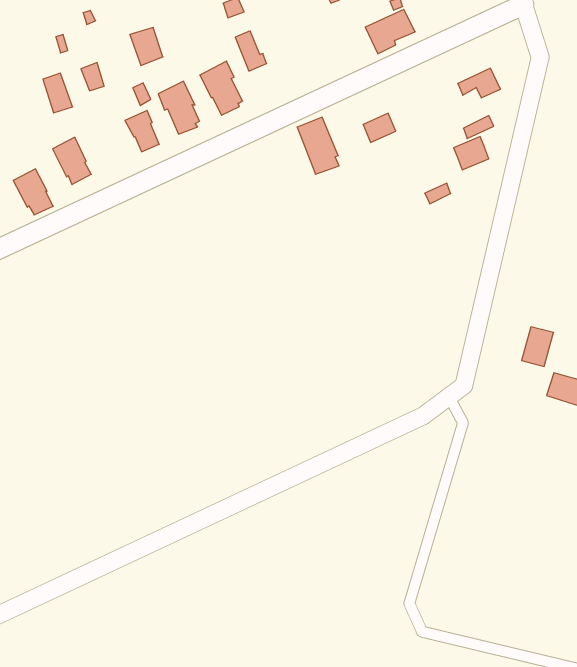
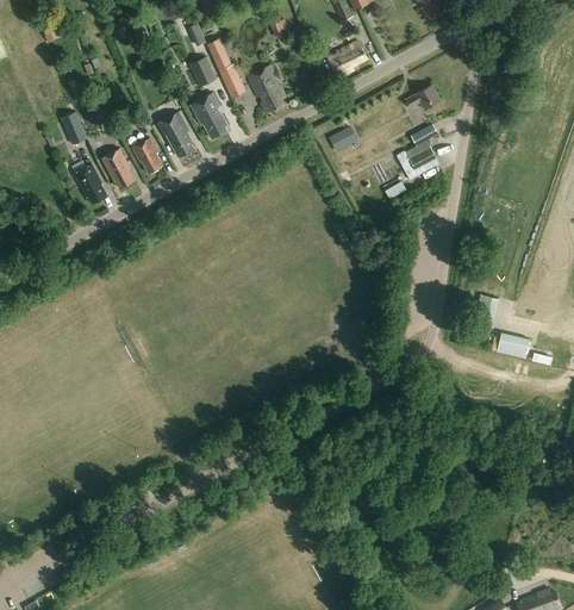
building: [130,27,163,65] -> [188,55,217,87]
building: [297,117,339,174] -> [249,66,286,113]
building: [13,169,53,215] -> [100,149,135,187]

